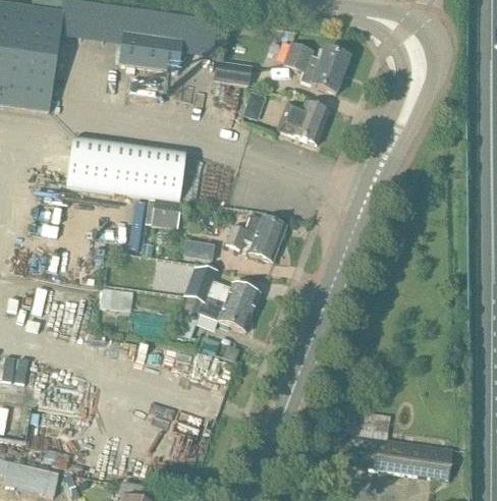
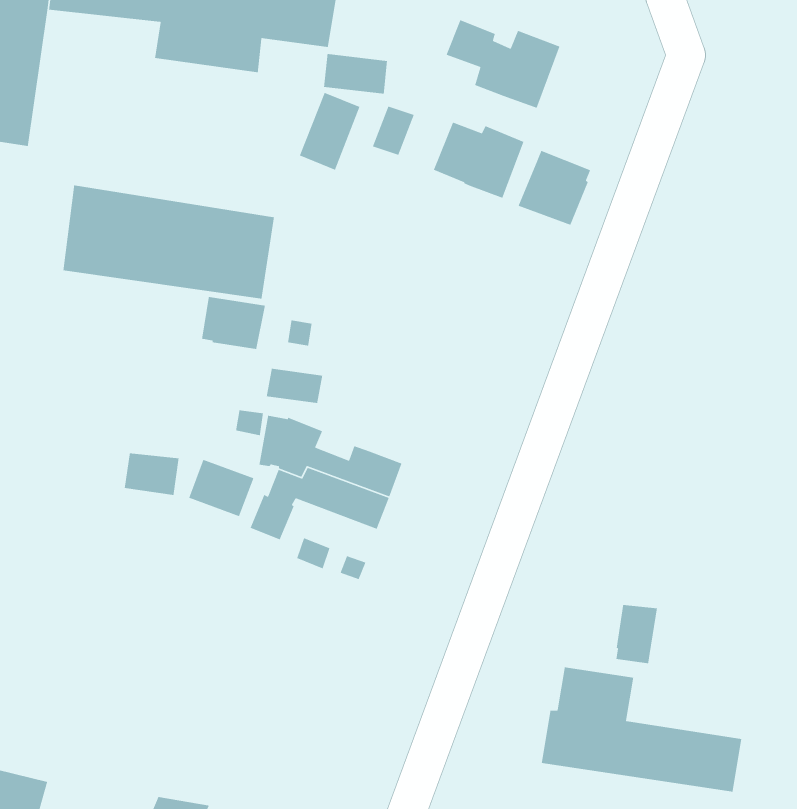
building: none -> [299,92,361,171]
building: none -> [517,150,591,226]
building: [225,213,285,261] -> none
building: none -> [188,459,254,517]
building: none -> [616,604,658,664]

